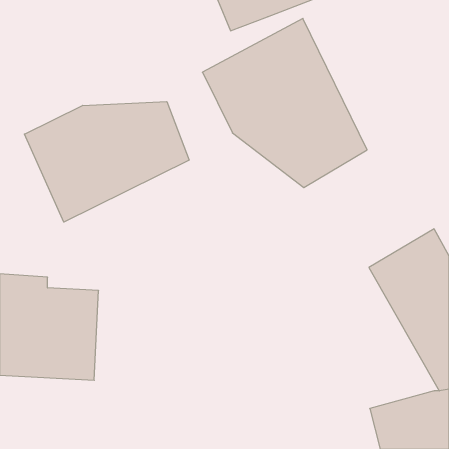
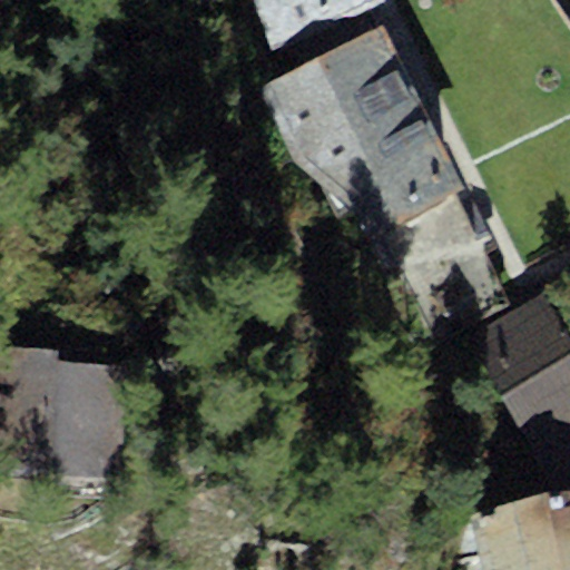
building: [24,102,189,222] -> none

